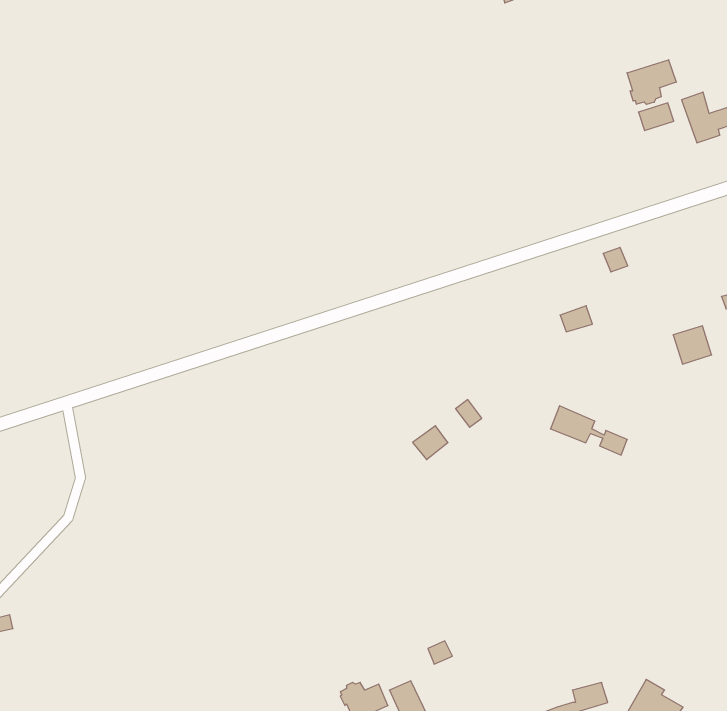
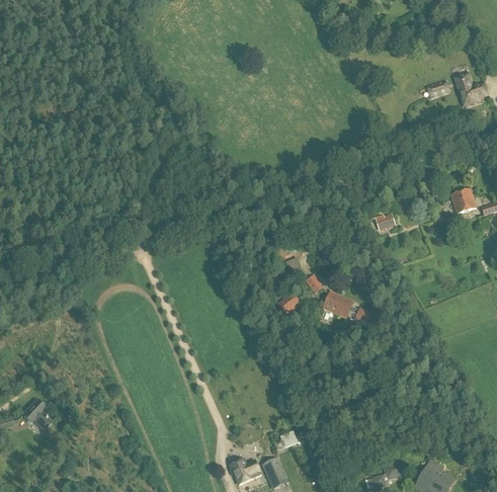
building: [627,60,676,104] -> none
building: [673,326,712,364] -> [450,187,476,213]
building: [550,406,627,455] -> [324,292,375,324]
building: none -> [21,399,52,430]

